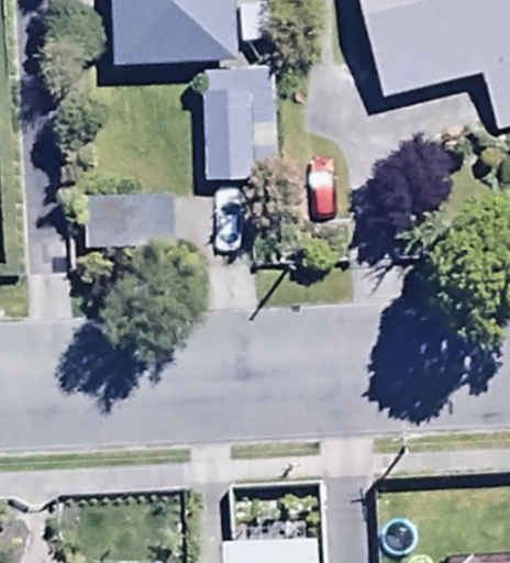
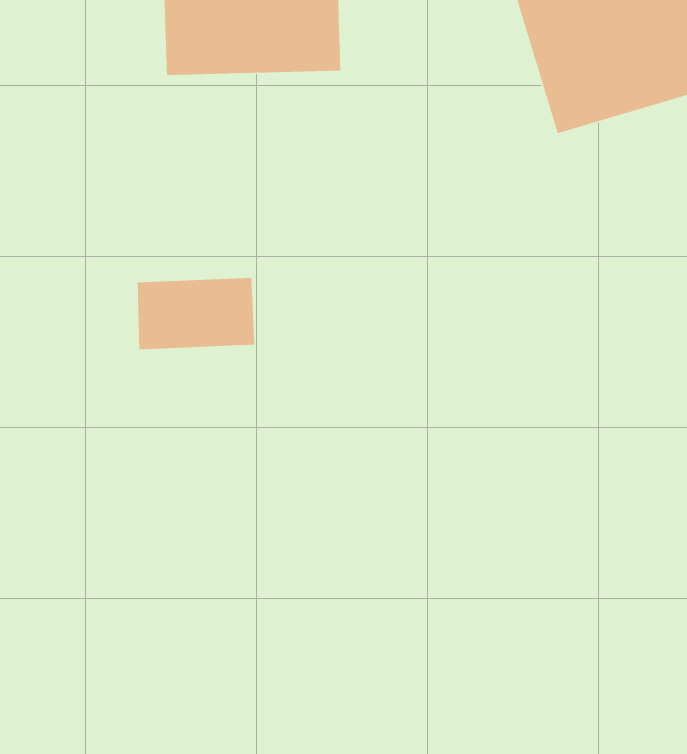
building: [201,67,271,179] -> none

